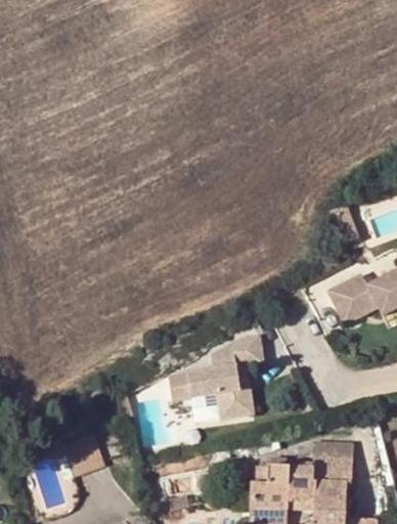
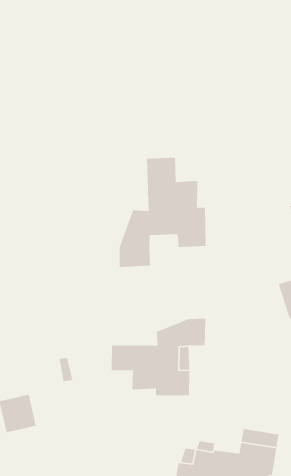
building: none -> [119,157,206,268]

